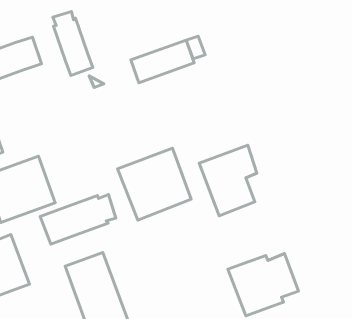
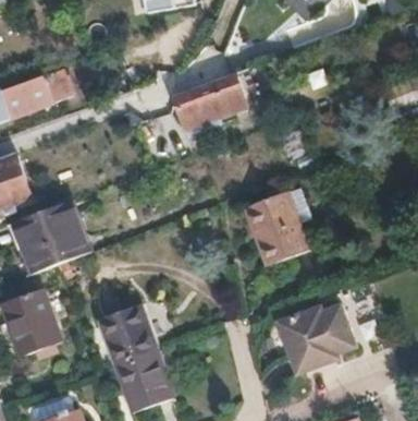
building: [53,12,93,76] -> none
building: [118,148,191,220] -> none
building: [40,195,116,244] -> none

